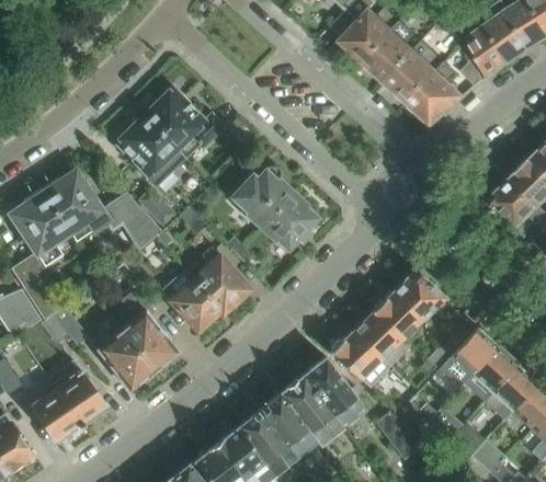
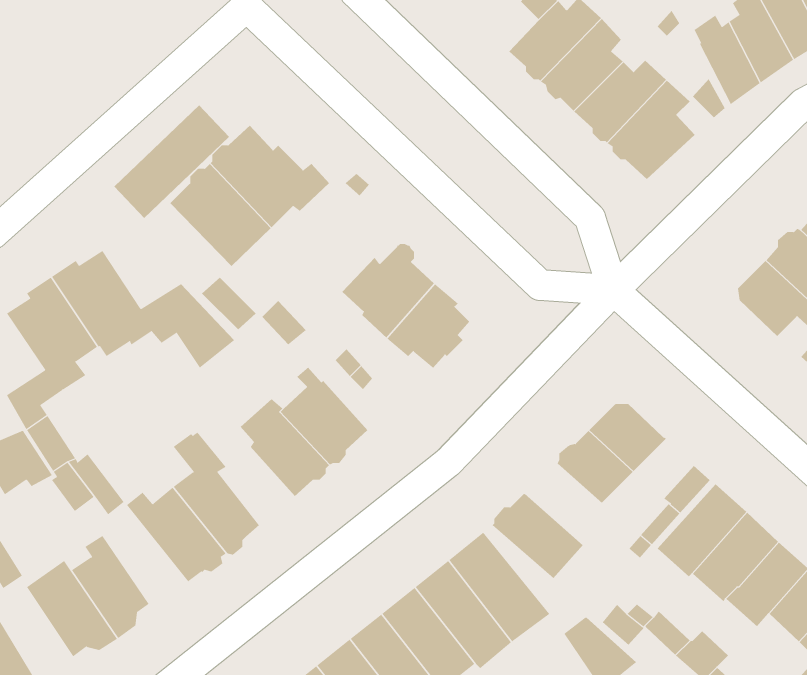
building: none -> [114,104,230,219]
building: [351,311,409,365] -> none

